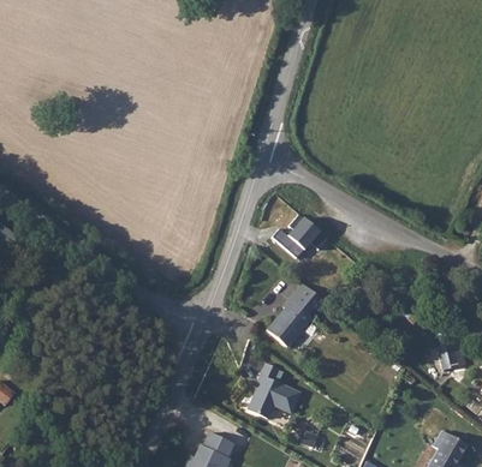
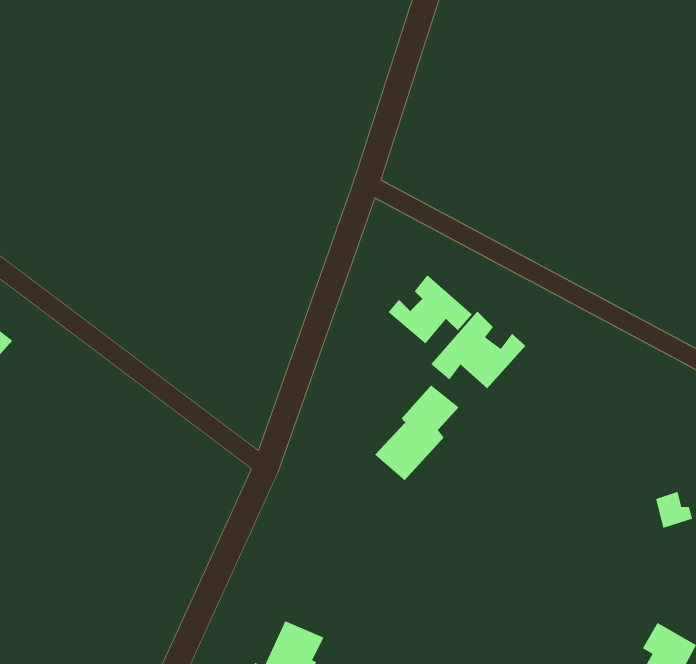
building: none -> [430,311,526,389]
building: [248,363,299,417] -> none

